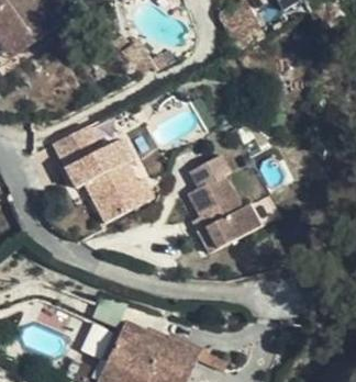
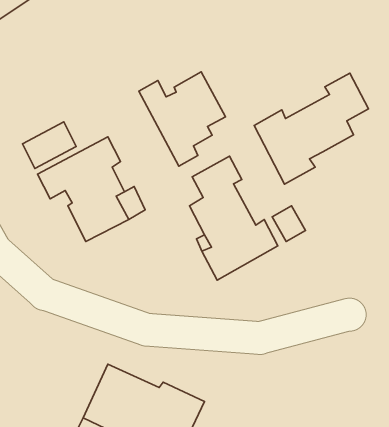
building: none -> [139,72,226,166]
building: none -> [254,73,369,184]

